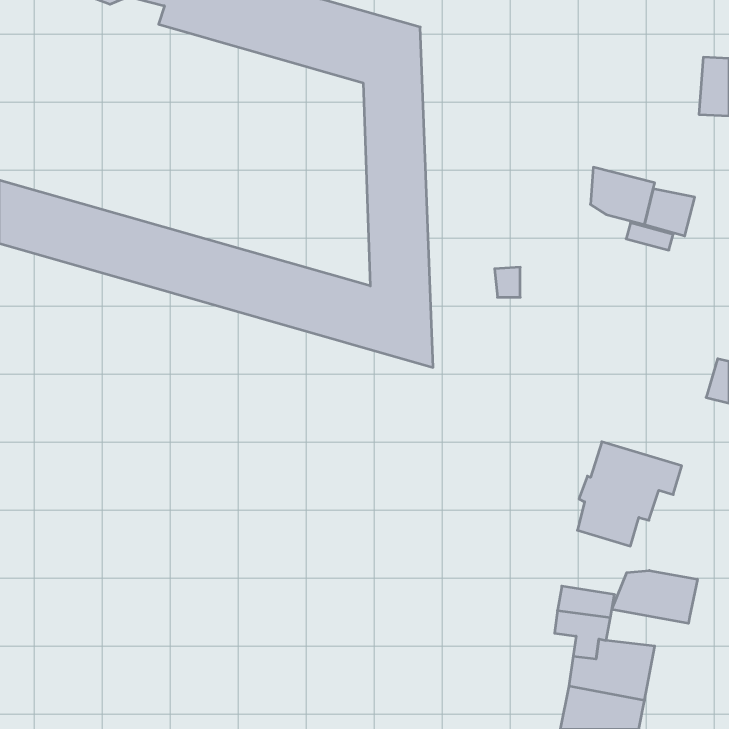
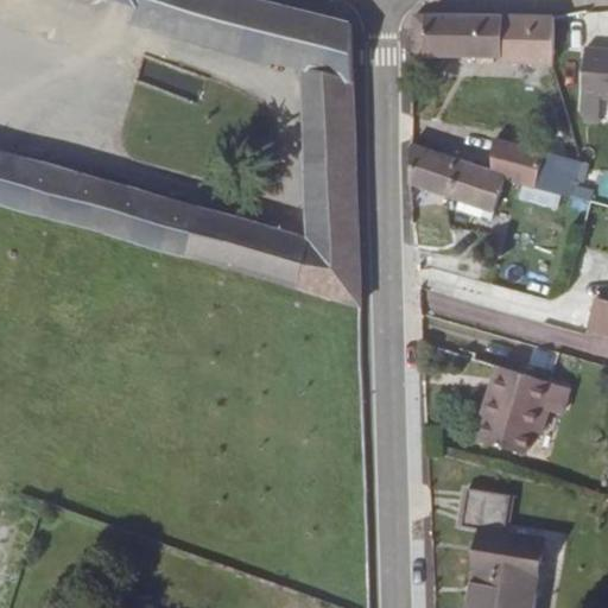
building: none -> [411,13,553,63]
building: none -> [407,142,504,215]
building: [612,570,697,623] -> none

